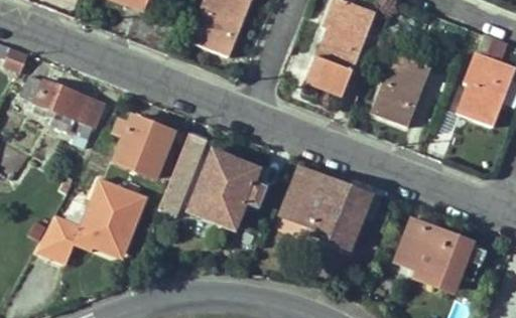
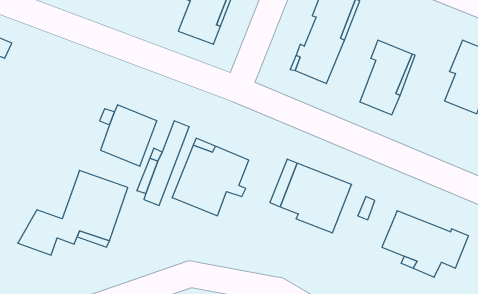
building: [21,75,109,147] -> none

